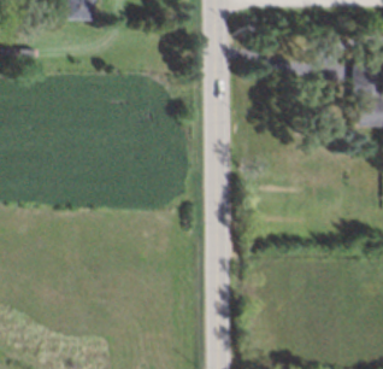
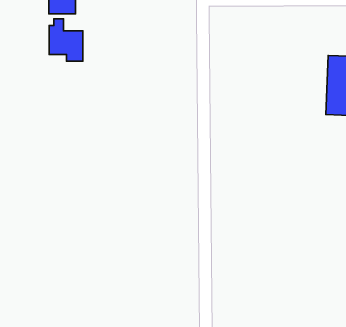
building: none -> [49,19,83,61]

